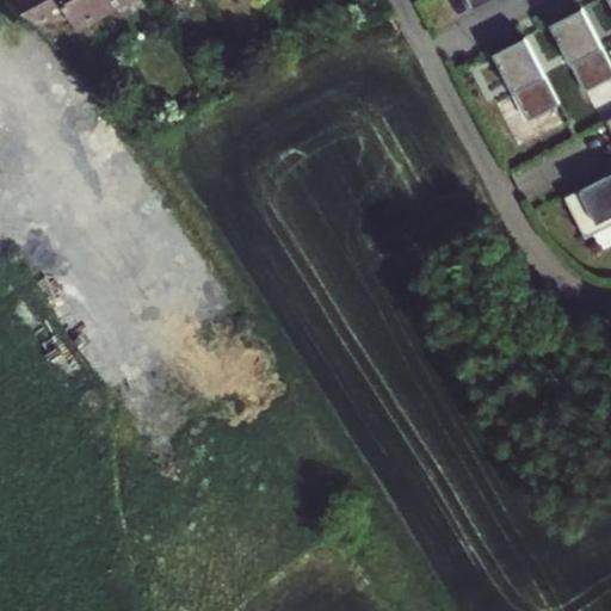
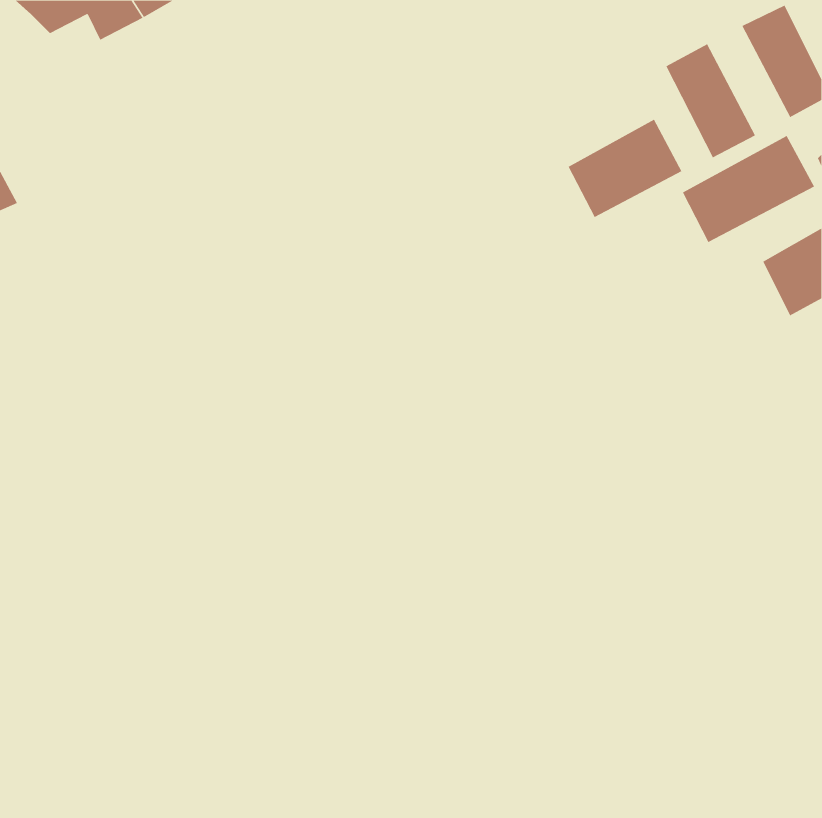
building: none -> [568,119,682,218]
building: none -> [682,135,815,243]

